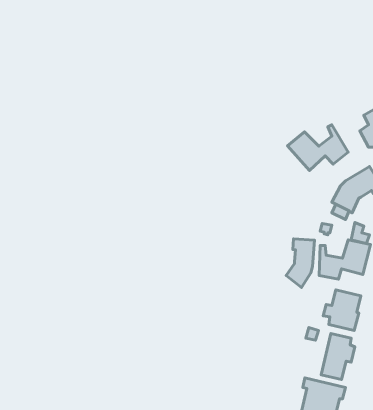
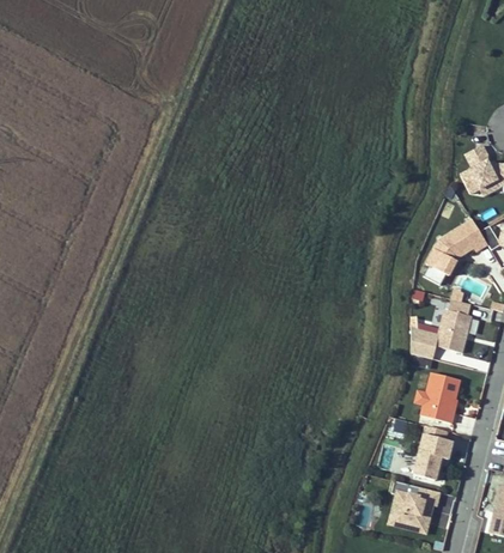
building: [288,125,348,170] -> none
building: [286,239,314,287] -> none

